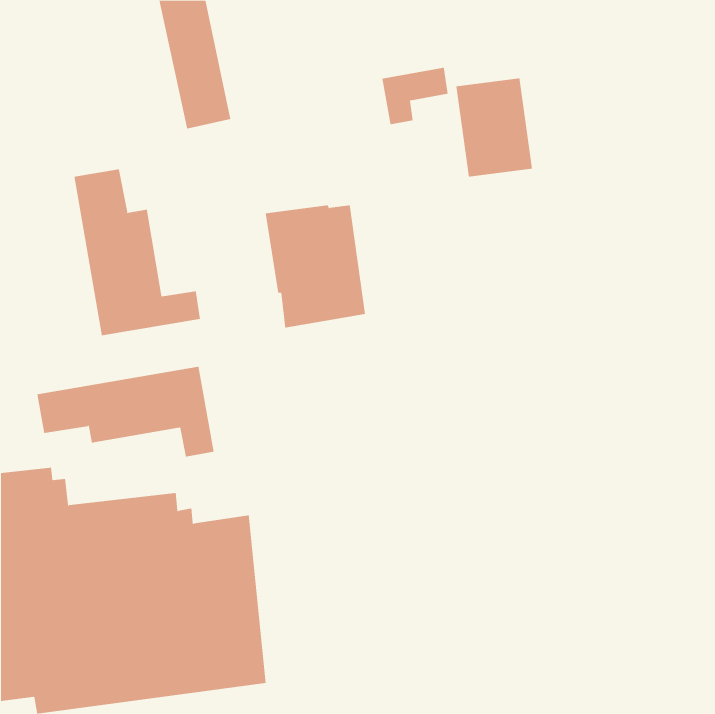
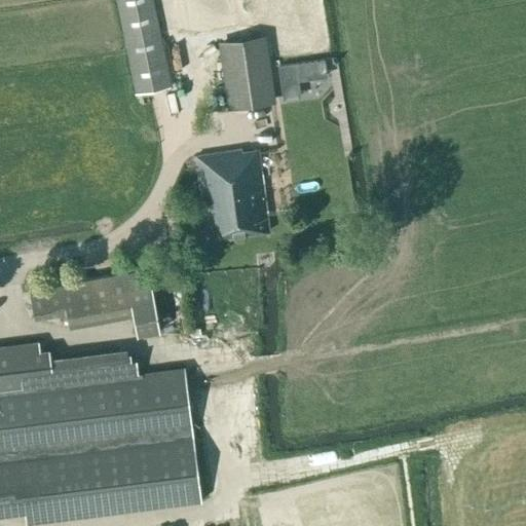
building: [456,78,533,177] -> [218,37,274,110]
building: [74,168,201,336] -> none

